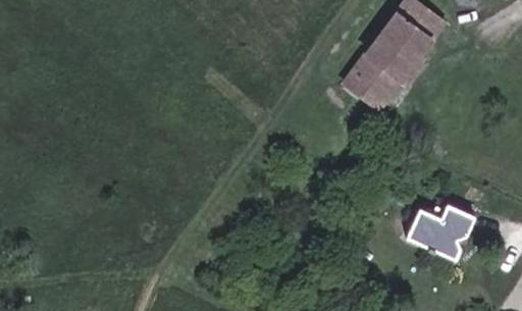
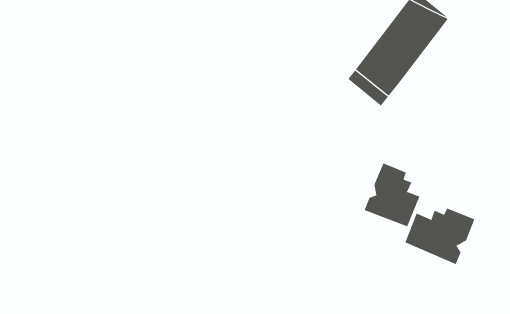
building: none -> [364,163,420,227]

